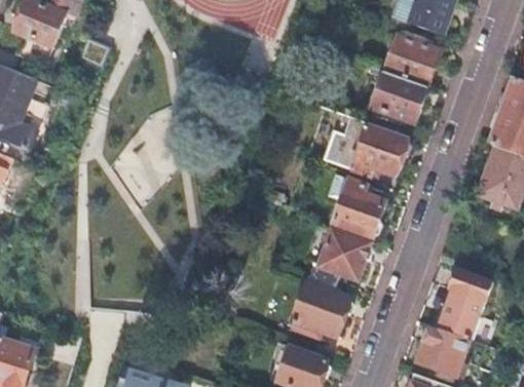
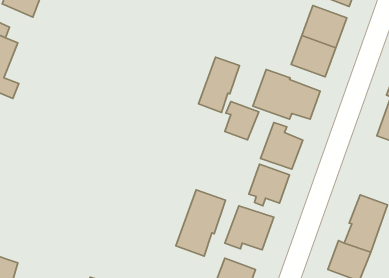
building: none -> [198,57,239,112]
building: none -> [225,101,259,140]
building: none -> [176,190,226,256]

